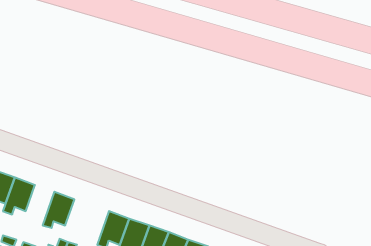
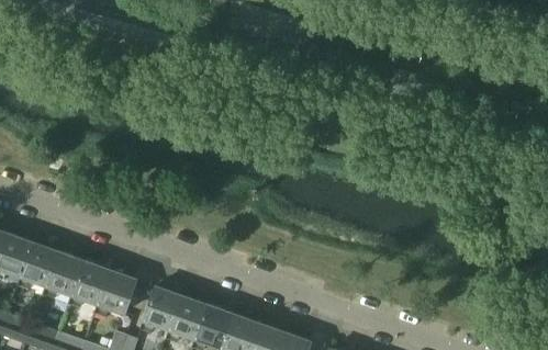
building: none -> [69,261,110,308]
building: none -> [141,286,181,334]

